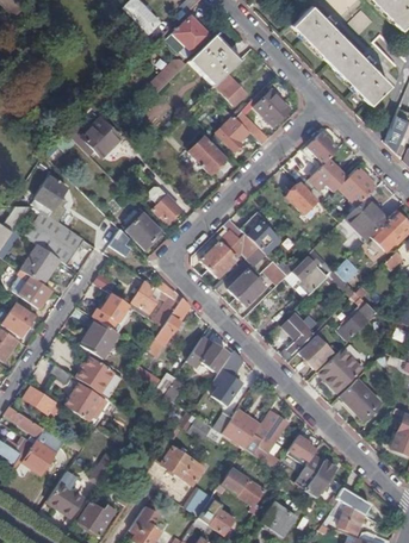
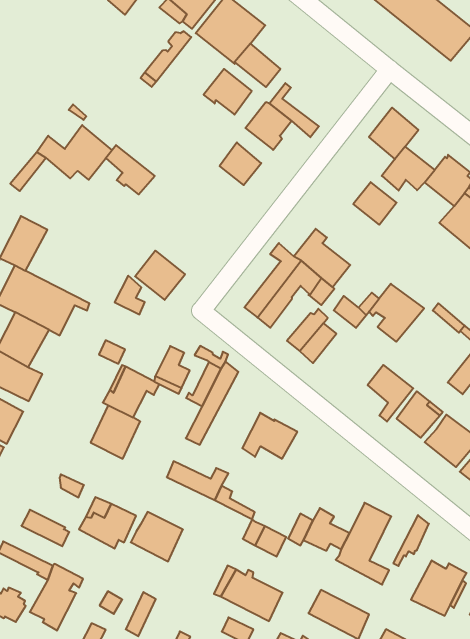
building: [255,91,290,124] -> [204,69,252,115]
building: [148,185,181,221] -> [106,145,155,194]
building: [215,350,244,405] -> none
building: [76,356,114,393] -> [131,512,183,561]

